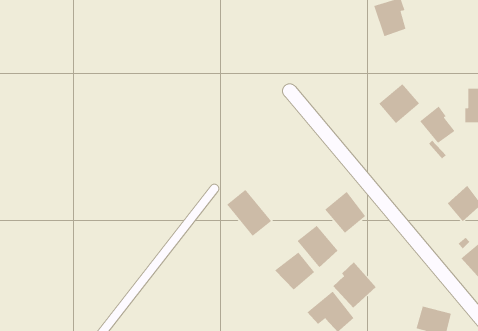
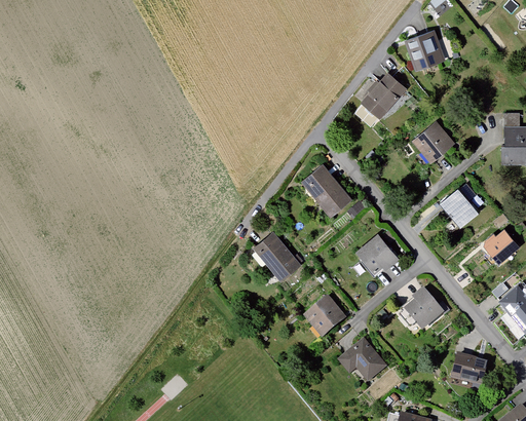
building: none -> [360,73,406,120]
building: [419,106,456,144] -> [440,188,478,228]
building: none -> [300,164,351,219]
building: [297,225,338,268] -> none
building: [332,262,377,309] -> [402,284,448,334]

